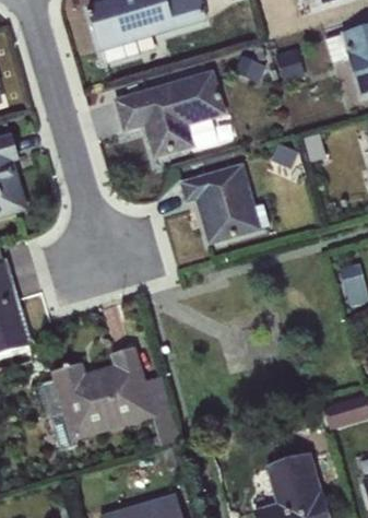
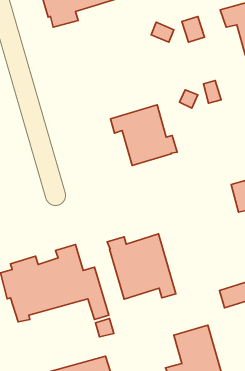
building: [112,68,226,158] -> none
building: none -> [107,234,176,299]

